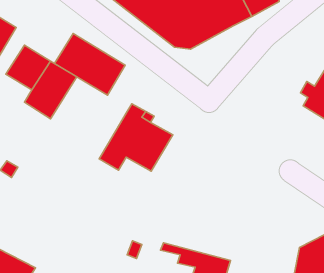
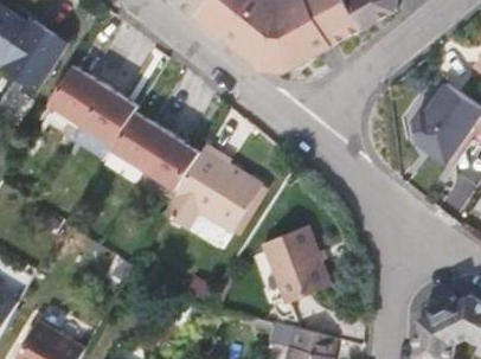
building: [54,34,125,95] -> [110,110,200,188]
building: none -> [263,226,332,303]

